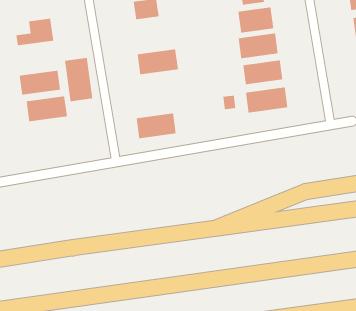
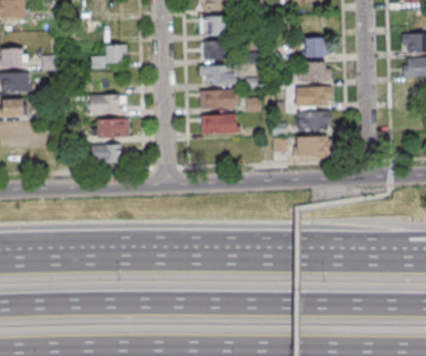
building: none -> [199,65,234,84]
building: [64,57,93,102] -> none
building: [136,113,177,139] -> [201,115,237,135]
building: none -> [91,146,122,164]

